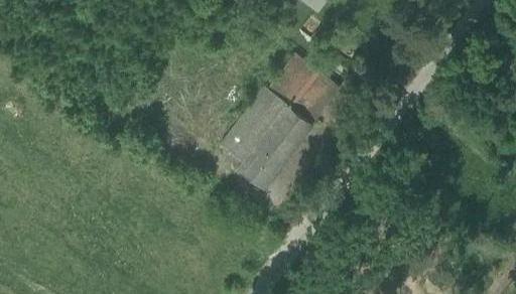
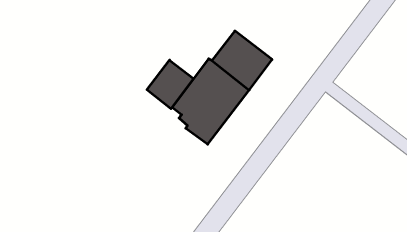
building: none -> [147,60,194,109]

